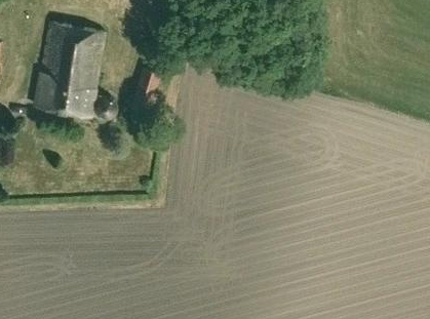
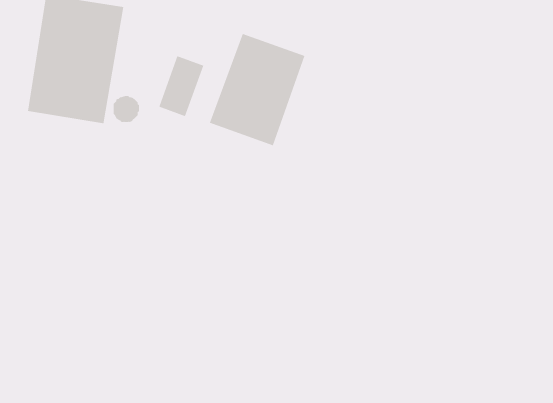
building: none -> [209,33,305,146]

